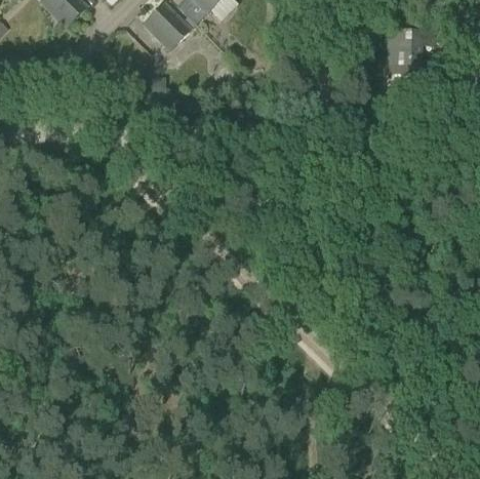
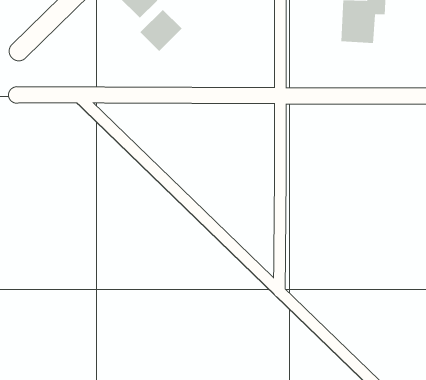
building: none -> [140,9,182,52]

